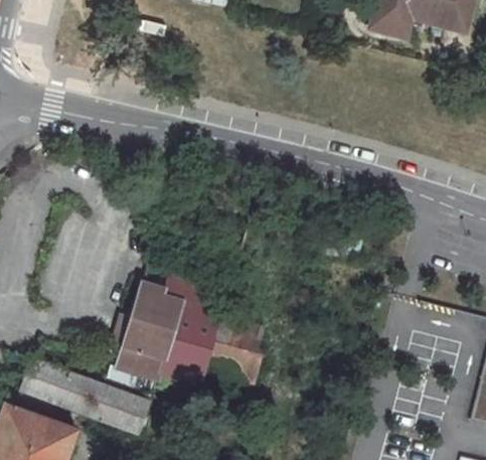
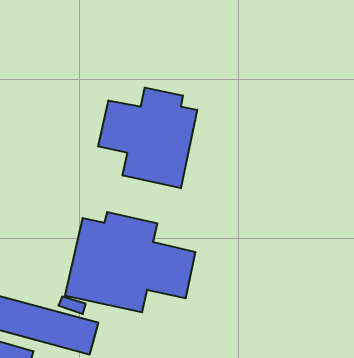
building: none -> [98,88,197,188]

